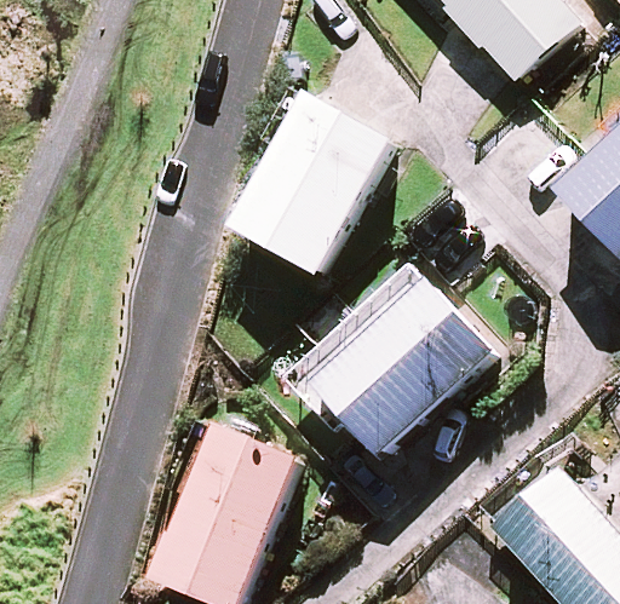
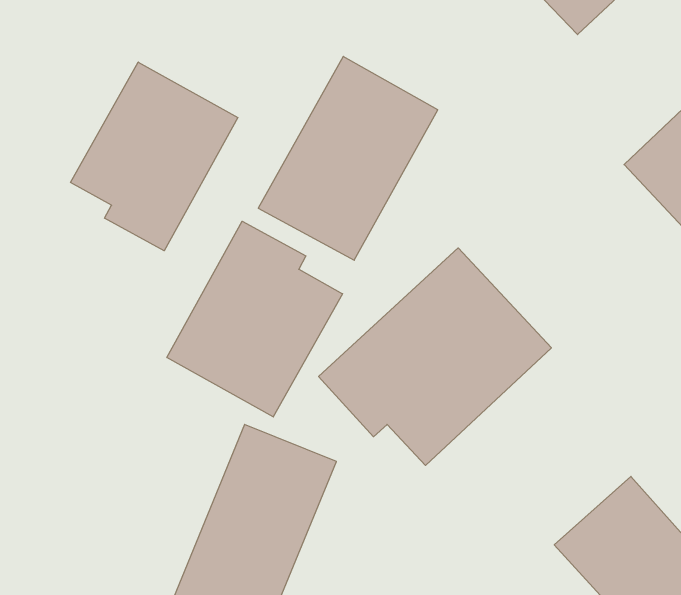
building: none -> [71,62,238,251]
building: none -> [167,221,343,417]

